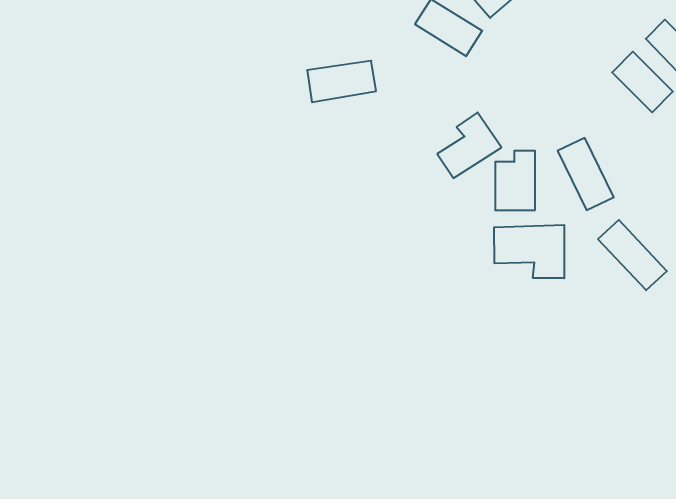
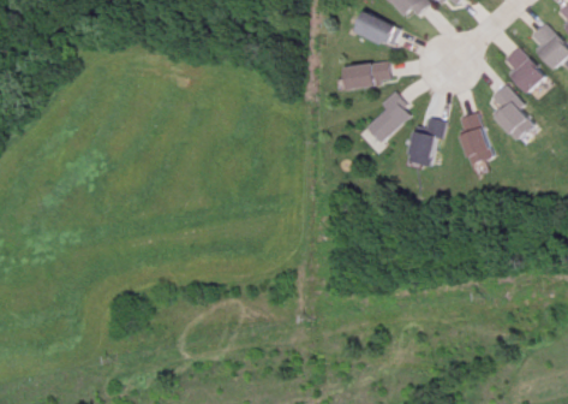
building: [307,61,376,102] -> [342,60,394,91]
building: [598,220,667,290] -> [488,85,539,138]
building: [494,225,564,278] -> none

